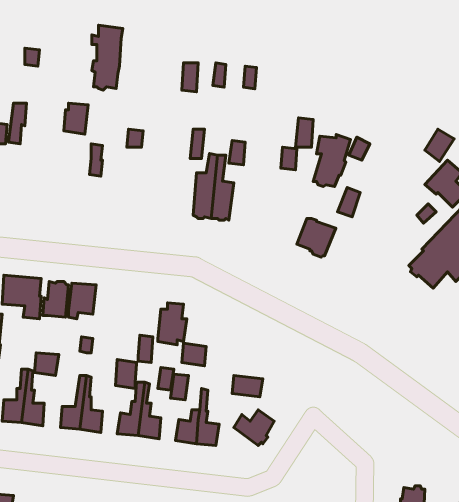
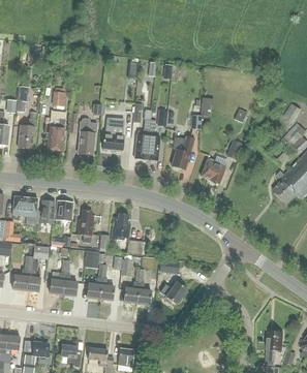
building: [92,25,123,90] -> [45,110,65,151]
building: [313,135,351,186] -> [171,135,194,168]
building: none -> [18,112,36,148]
building: none -> [78,117,96,154]
building: none -> [102,117,124,152]
building: none -> [76,209,93,242]

